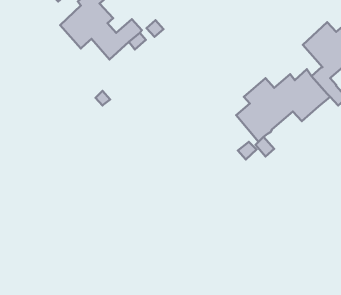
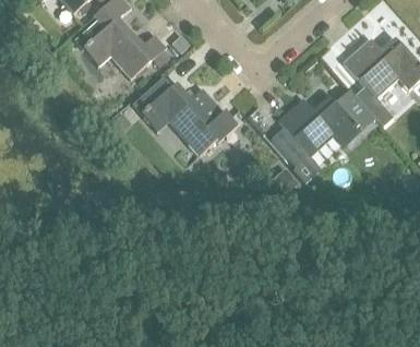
building: none -> [132,81,235,156]

